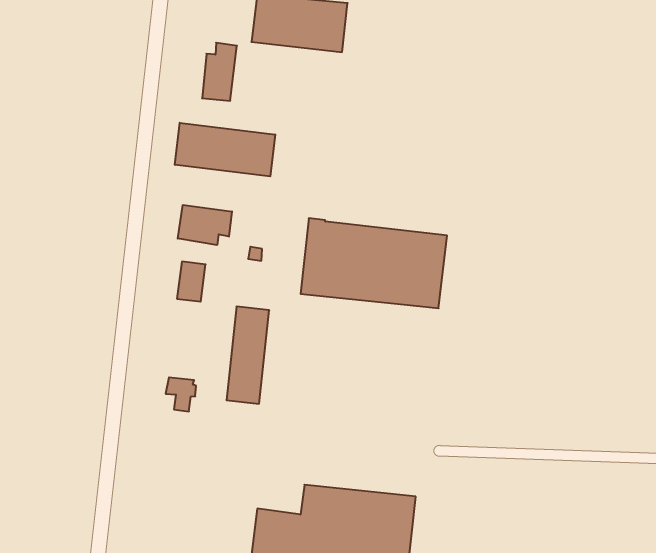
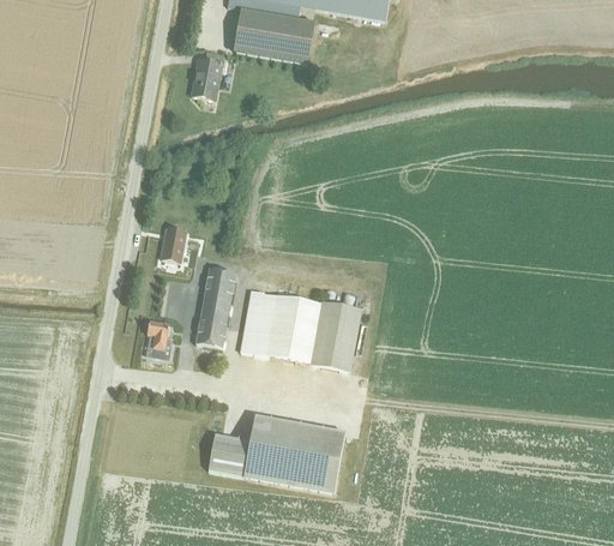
building: [175,123,275,176] -> none
building: [178,205,232,245] -> none
building: [301,218,447,308] -> [240,289,362,370]

